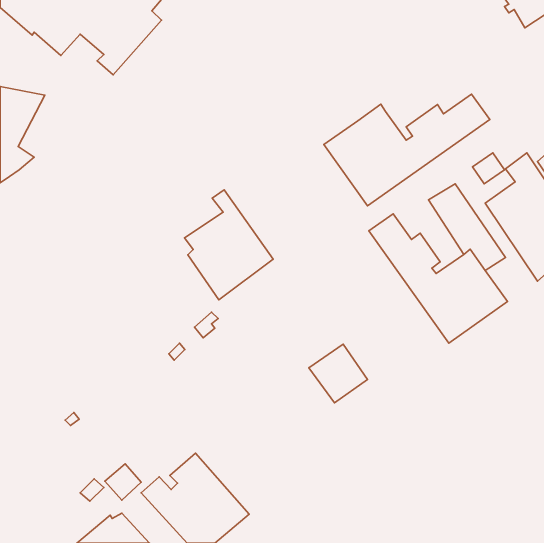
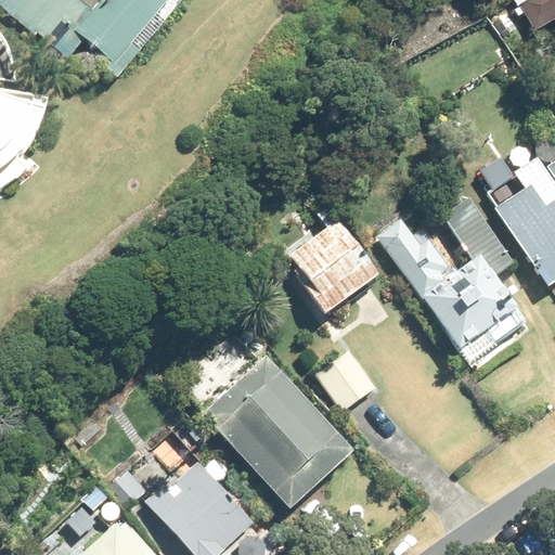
building: [324,94,490,206] -> none
building: [185,190,273,300] -> [288,203,378,314]
building: none -> [201,356,351,509]

